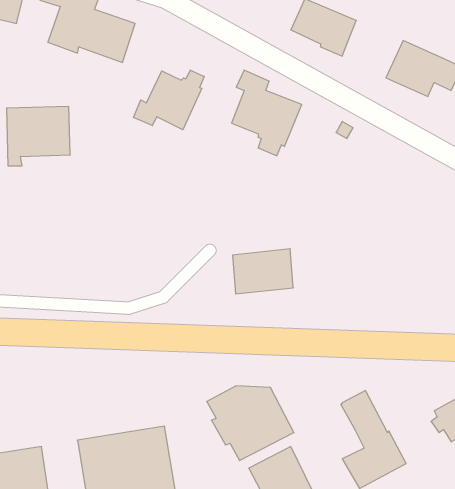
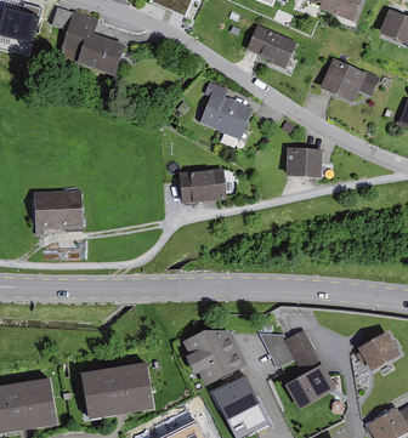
building: [133,70,204,130] -> none
building: [6,107,70,166] -> [33,189,83,235]
building: none -> [285,147,322,176]
building: [233,249,293,294] -> [178,167,226,203]
building: none -> [259,334,295,369]

